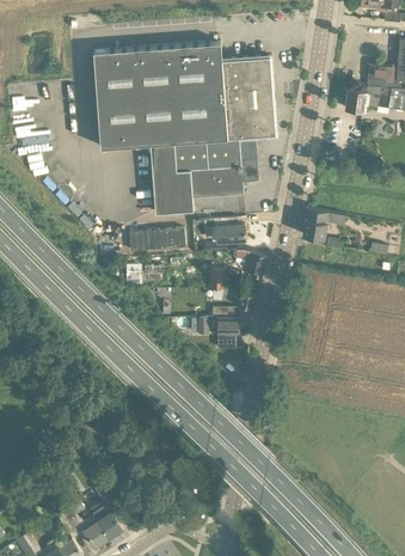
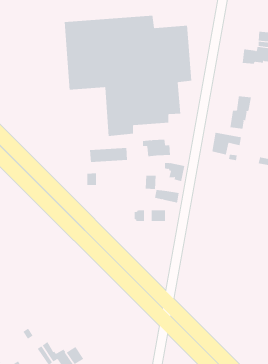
building: none -> [230,95,251,129]

